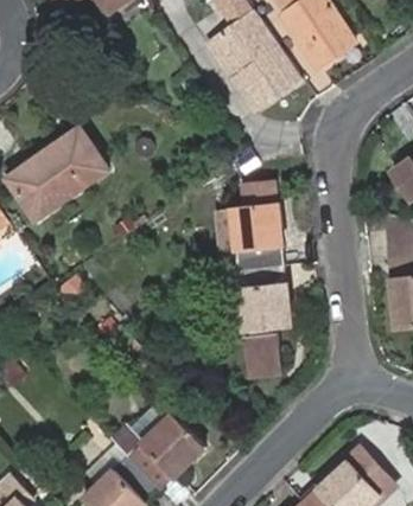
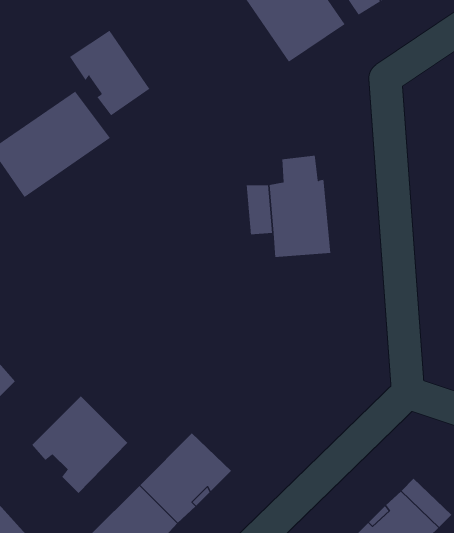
building: none -> [69,30,150,116]
building: [240,264,292,374] -> none
building: none -> [31,395,128,494]

